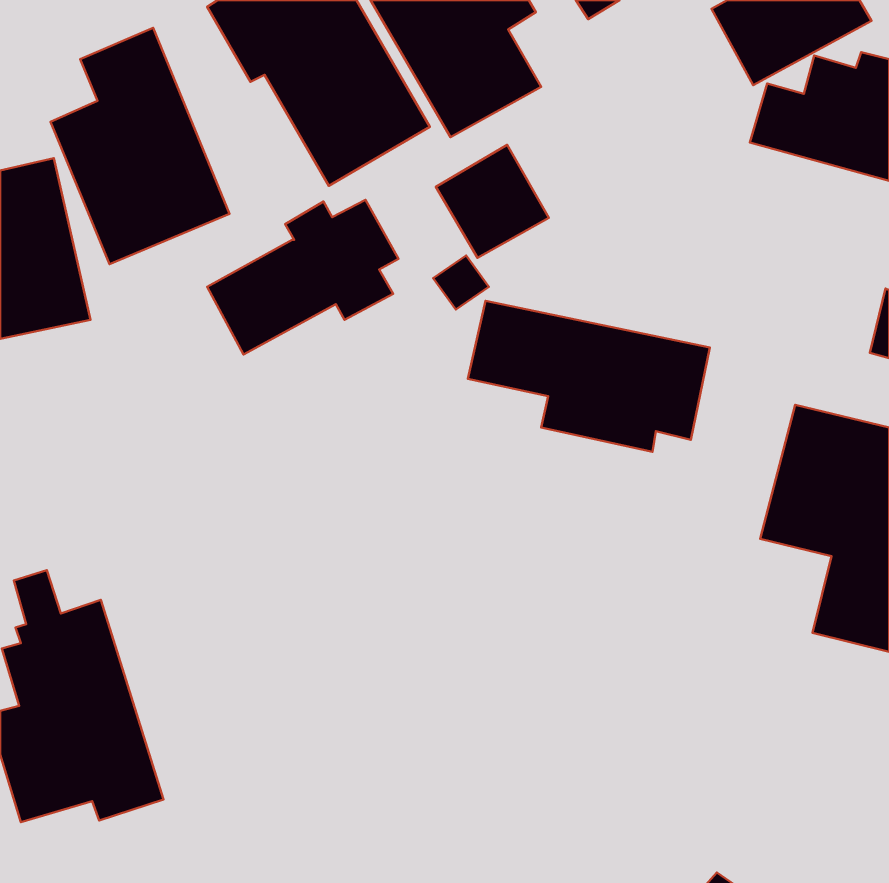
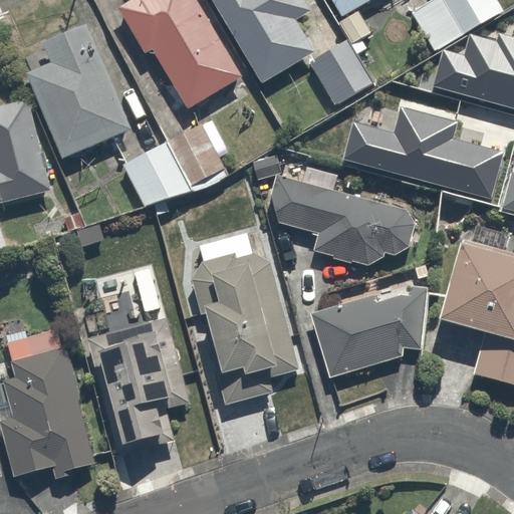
building: [436,145,549,258] -> [309,37,374,102]
building: none -> [342,107,503,200]
building: none -> [185,233,303,405]
building: none -> [308,293,434,378]
building: none -> [93,317,192,452]

